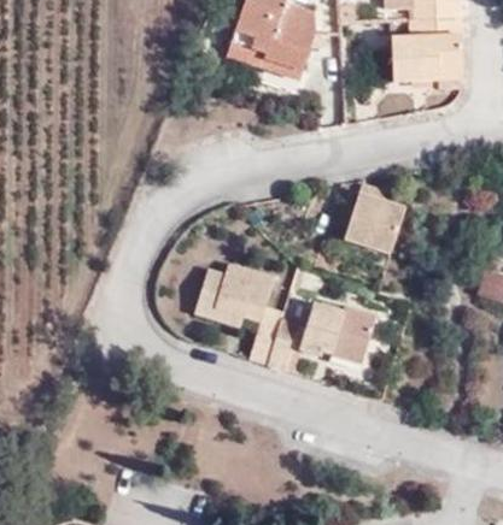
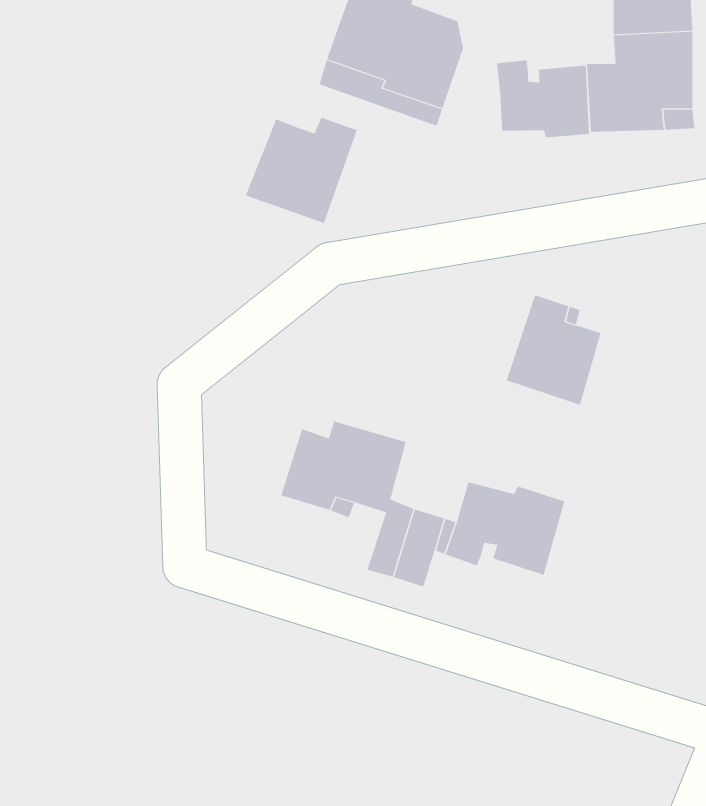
building: none -> [496,59,590,138]
building: none -> [245,117,358,224]

